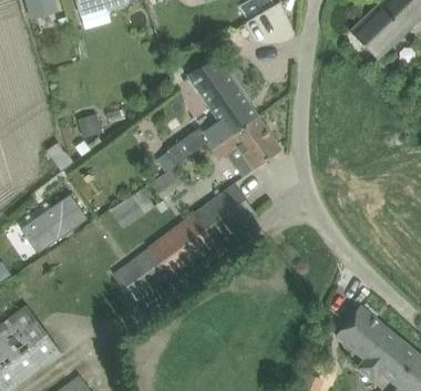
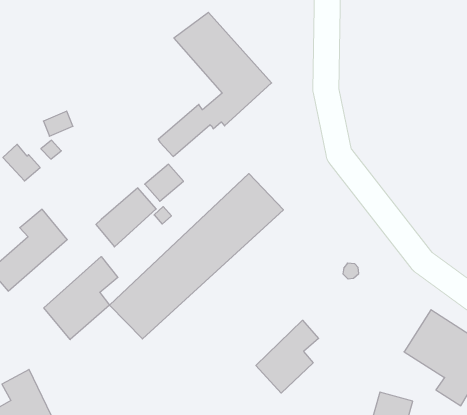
building: [208,116,280,176] -> none
building: none -> [44,257,118,340]
building: none -> [256,320,319,393]

